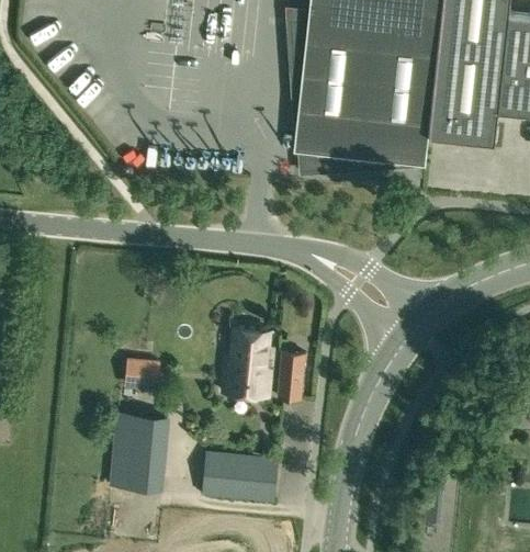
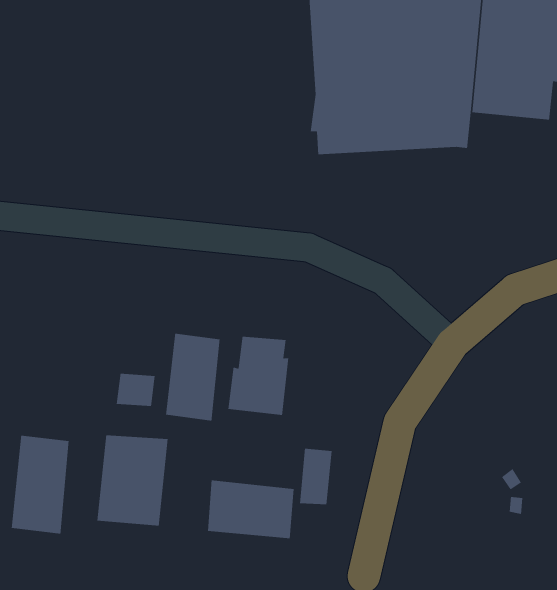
building: none -> [165,333,220,421]
building: [278,349,306,397] -> [299,448,332,505]
building: none -> [11,435,69,535]

